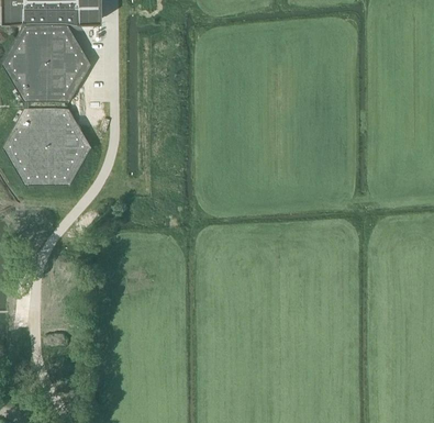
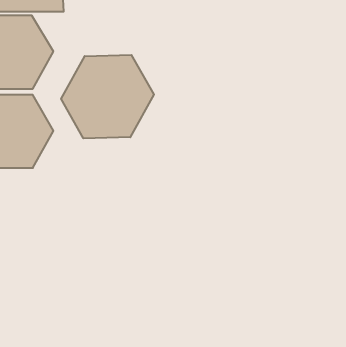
building: none -> [61,55,154,138]

